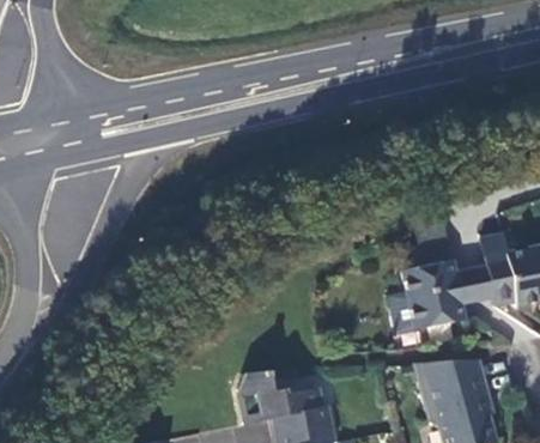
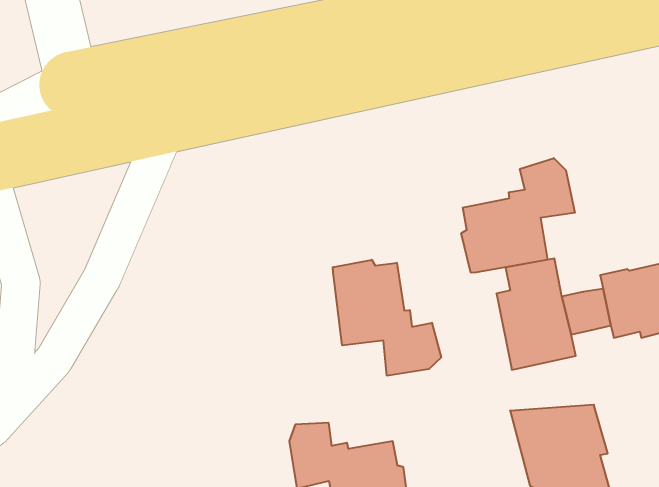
building: none -> [461,158,575,273]
building: none -> [333,260,441,376]

